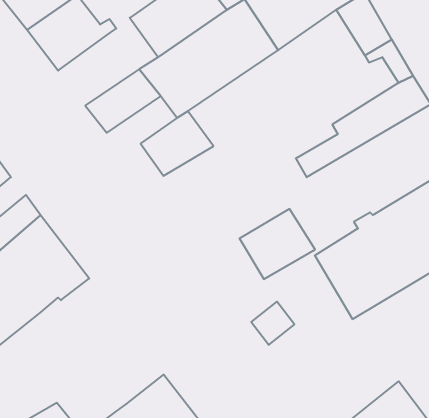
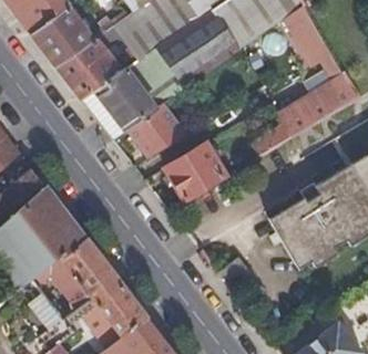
building: none -> [59,37,122,95]
building: none -> [99,87,156,136]
building: [239,209,315,279] -> [166,140,228,198]
building: none -> [44,235,149,345]

